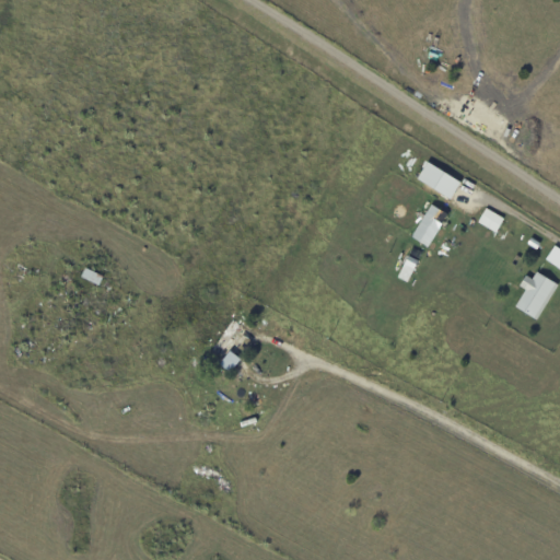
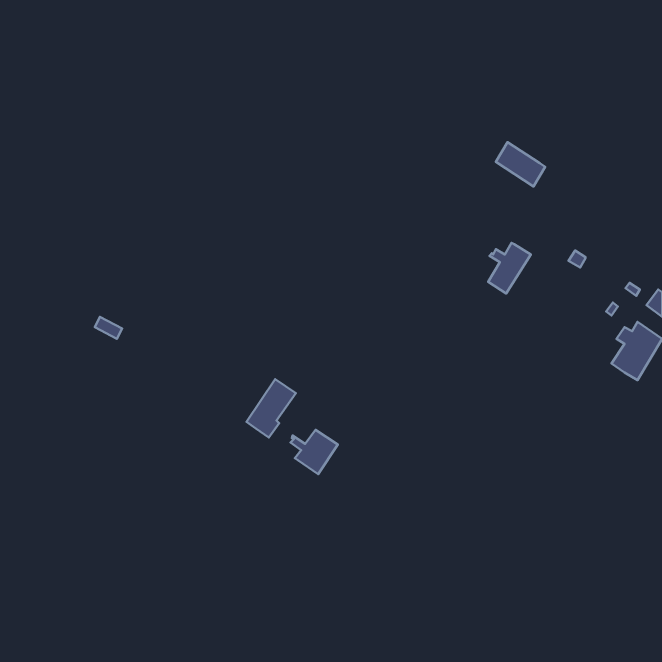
building: [418,162,459,199] -> [496,142,545,186]
building: none -> [291,430,338,474]

